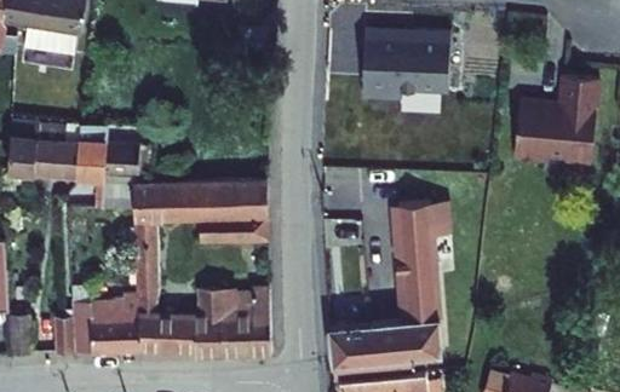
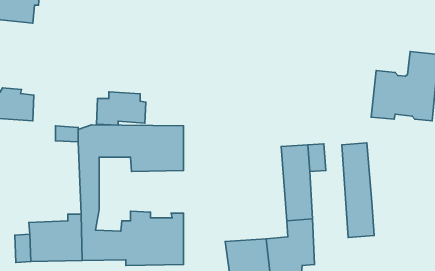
building: [361,36,450,108] -> none
building: [79,133,142,175] -> [96,92,146,125]
building: none -> [342,143,374,237]

